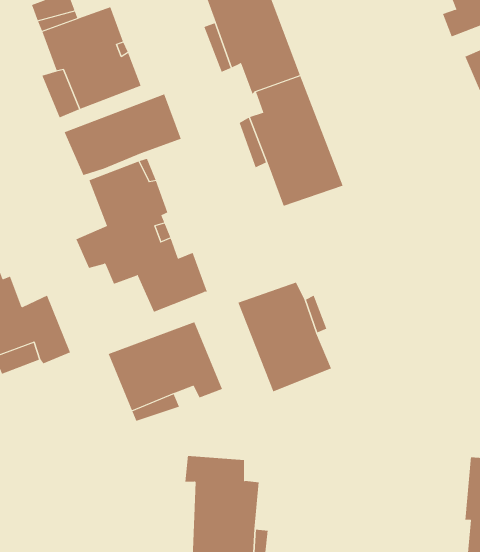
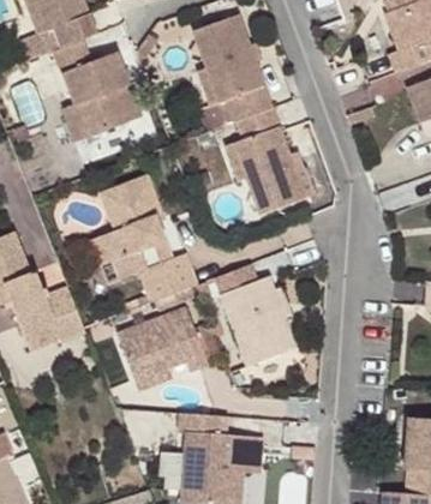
building: [64,93,181,176] -> none

